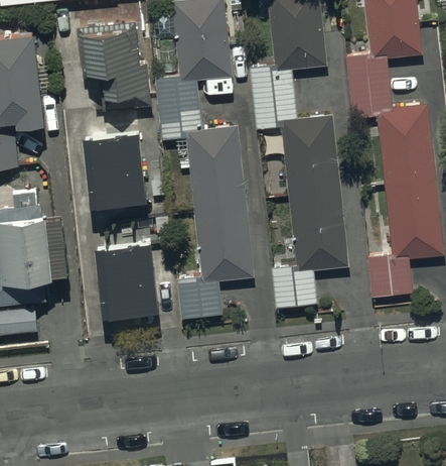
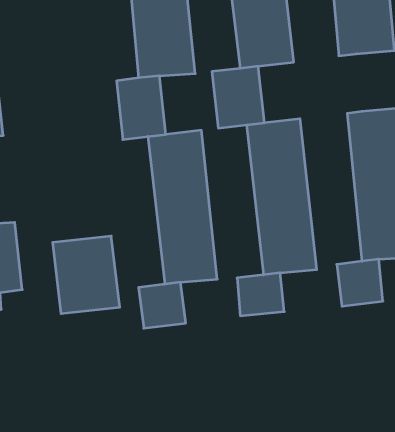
building: [78,15,151,104] -> none
building: [345,57,392,118] -> none
building: [83,122,147,198] -> none

